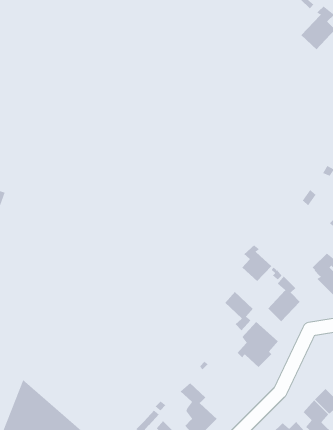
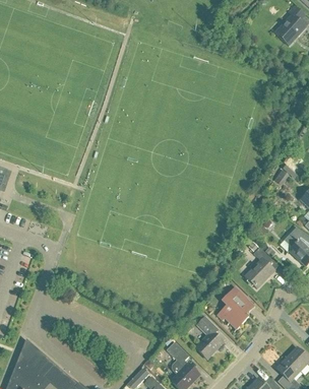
building: [242,244,272,282] -> none
building: [224,291,254,331] -> none
building: none -> [195,317,223,359]

